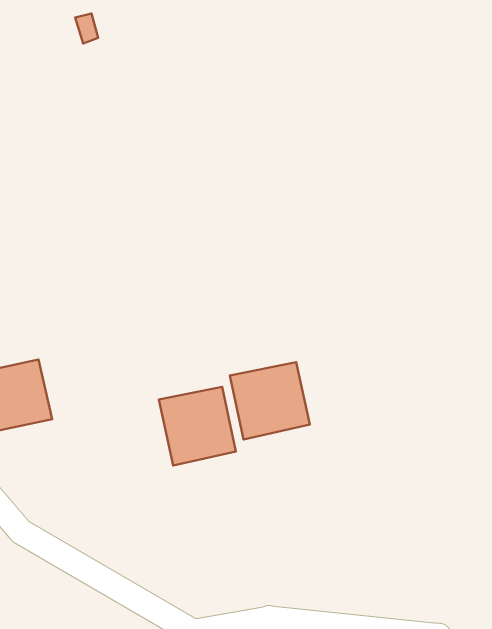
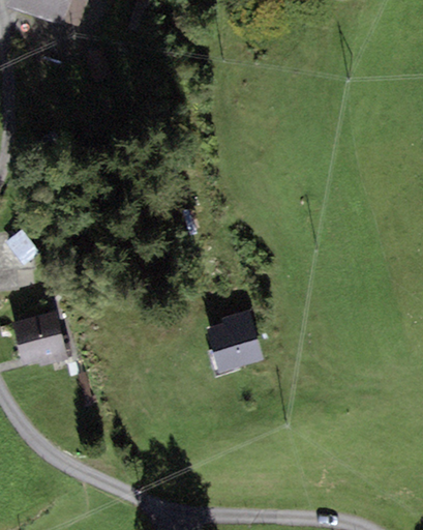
building: [159,387,236,465] -> none

